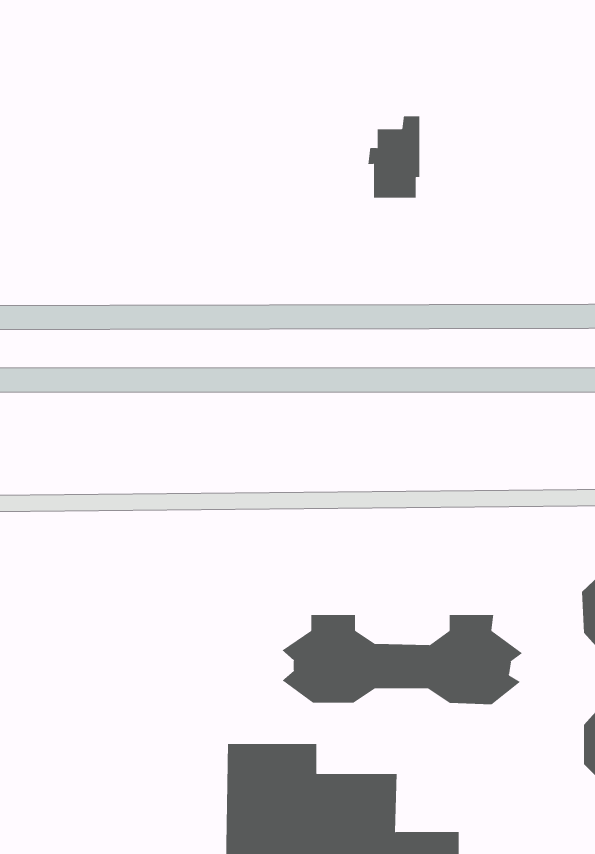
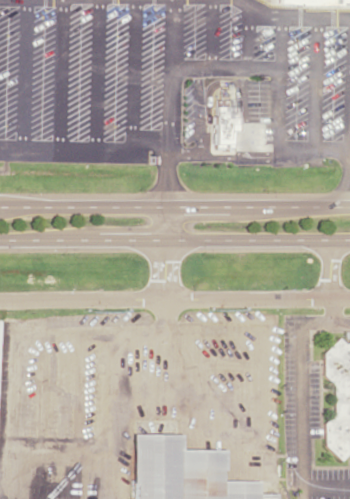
building: [282,614,523,705] -> none

